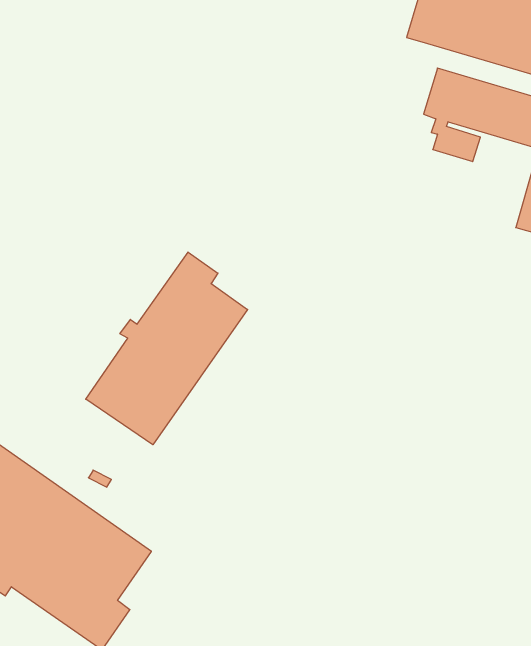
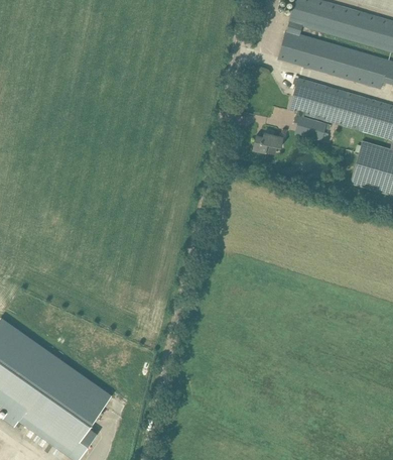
building: none -> [254,131,284,152]
building: [86,252,248,445] -> none

